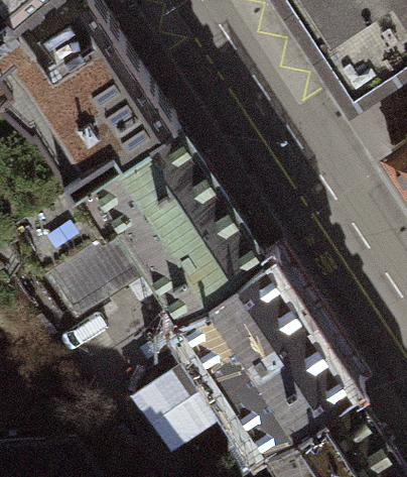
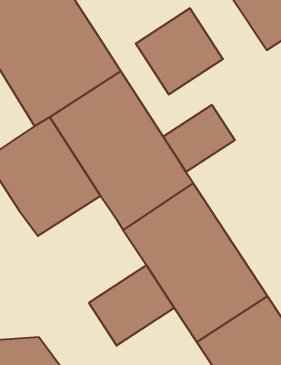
building: none -> [136,8,223,95]
building: none -> [163,105,235,172]

